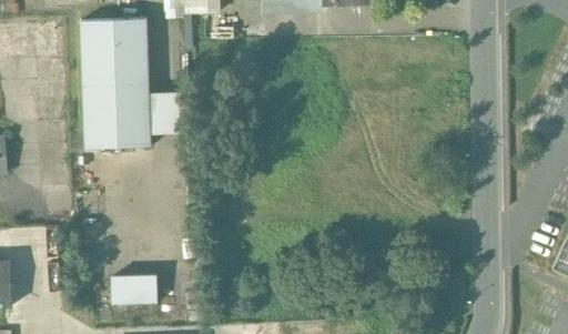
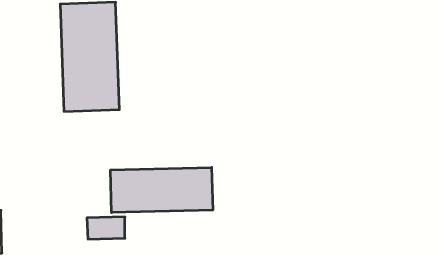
building: none -> [111,167,213,213]

